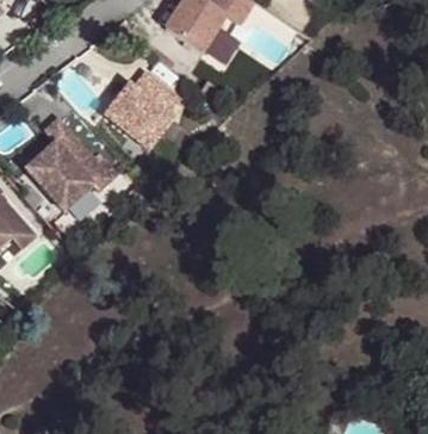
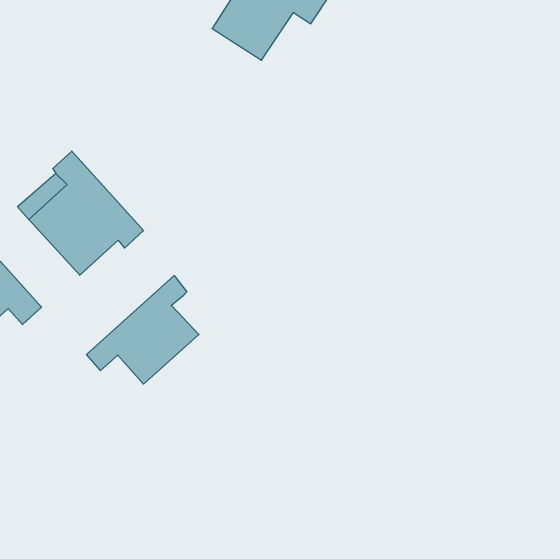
building: [106,73,181,150] -> none
building: none -> [86,276,199,384]

